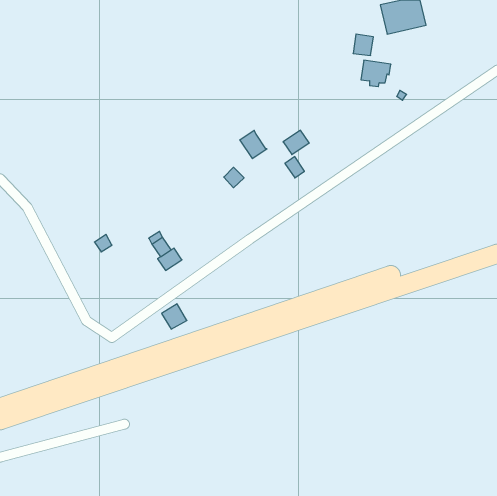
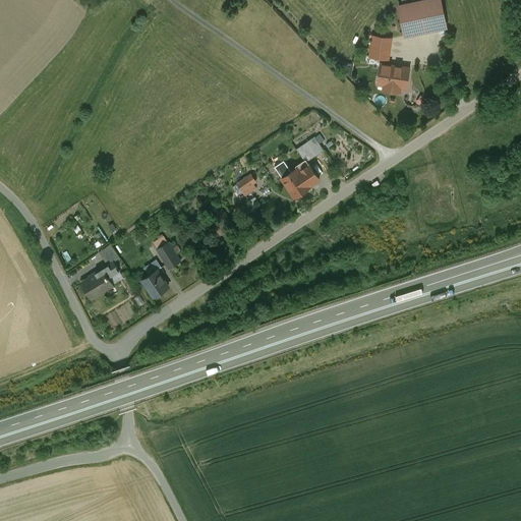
building: [240,130,267,159] -> [281,168,309,197]
building: none -> [82,264,118,299]
building: [162,304,187,329] -> [143,273,170,299]

